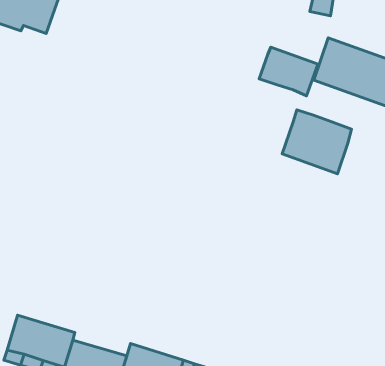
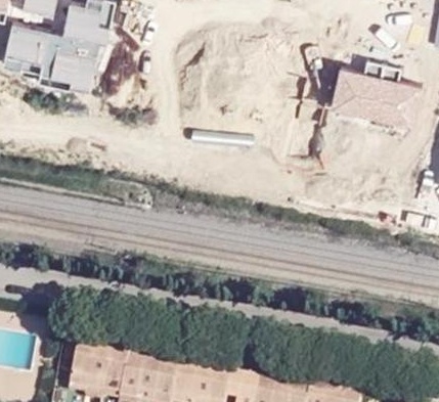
building: [259,47,318,96] -> none
building: [282,110,351,174] -> none

